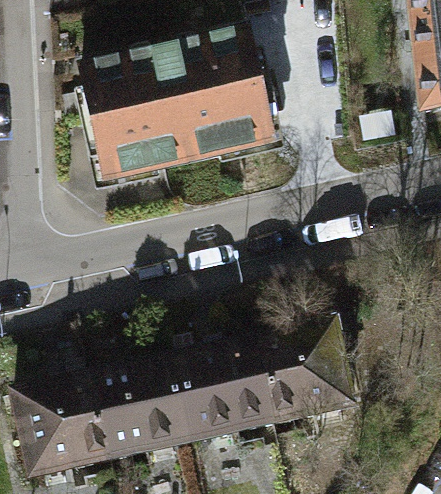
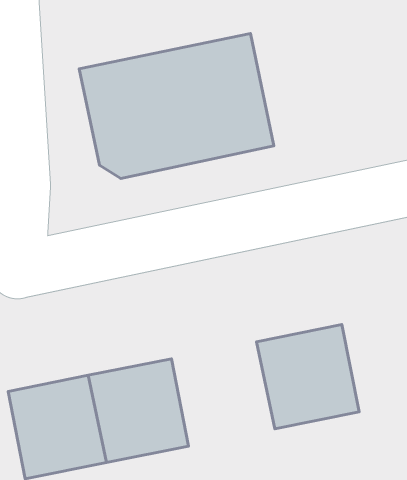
building: [171,340,273,443] -> none

